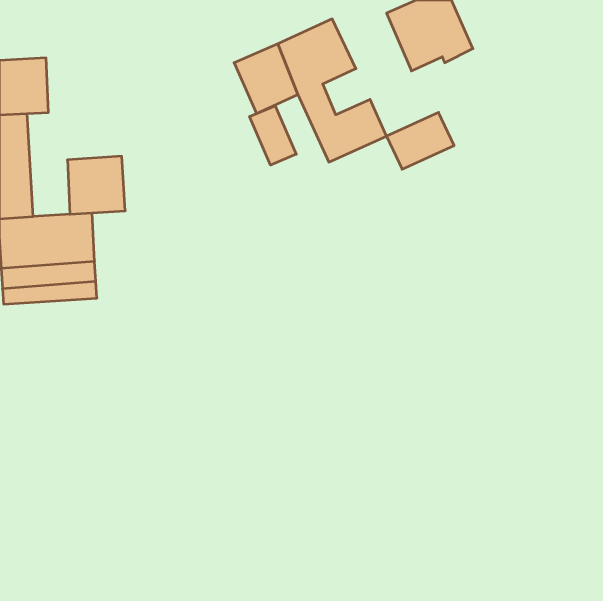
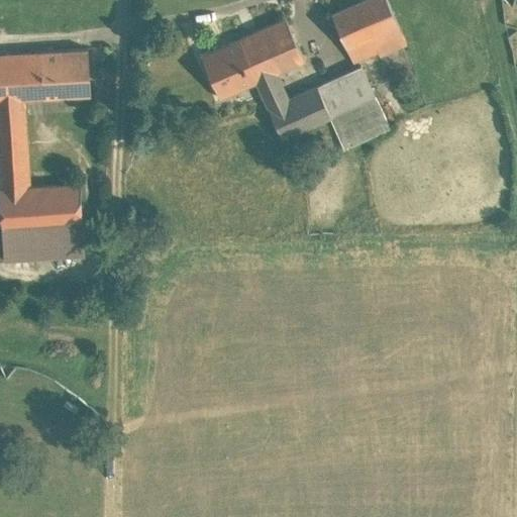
building: none -> [316,67,375,119]
building: [250,106,296,165] -> none
building: [67,156,125,214] -> [39,49,89,99]

